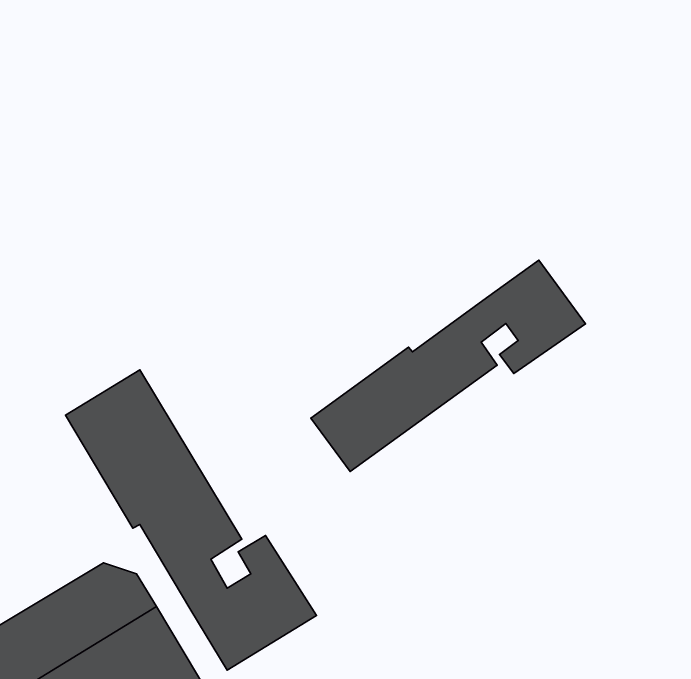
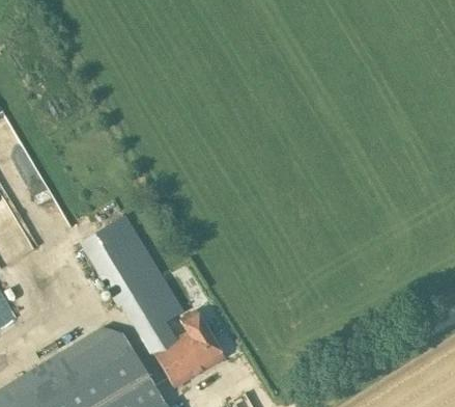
building: [311,260,586,471] -> none

